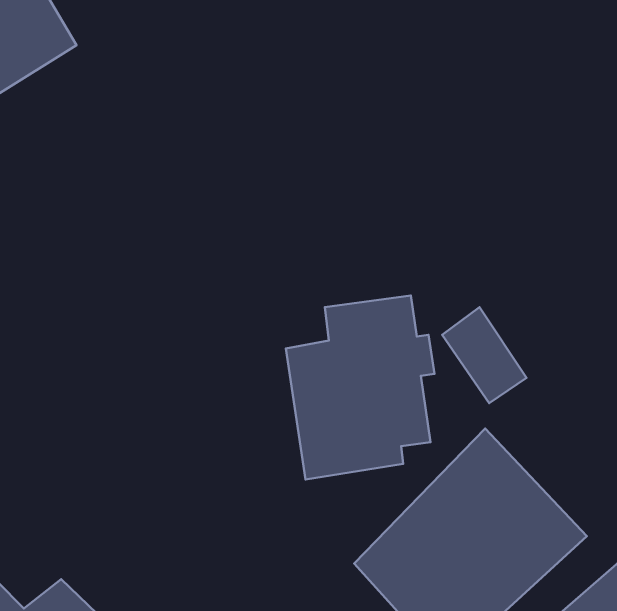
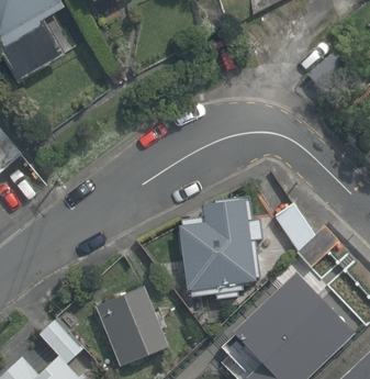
building: none -> [96,287,168,365]

